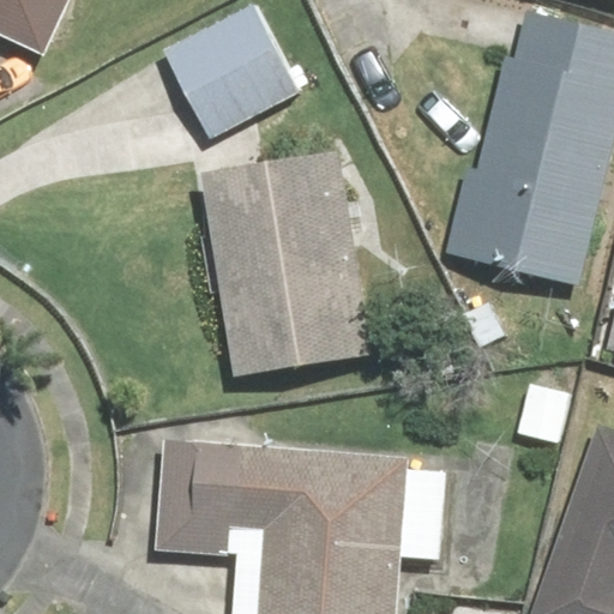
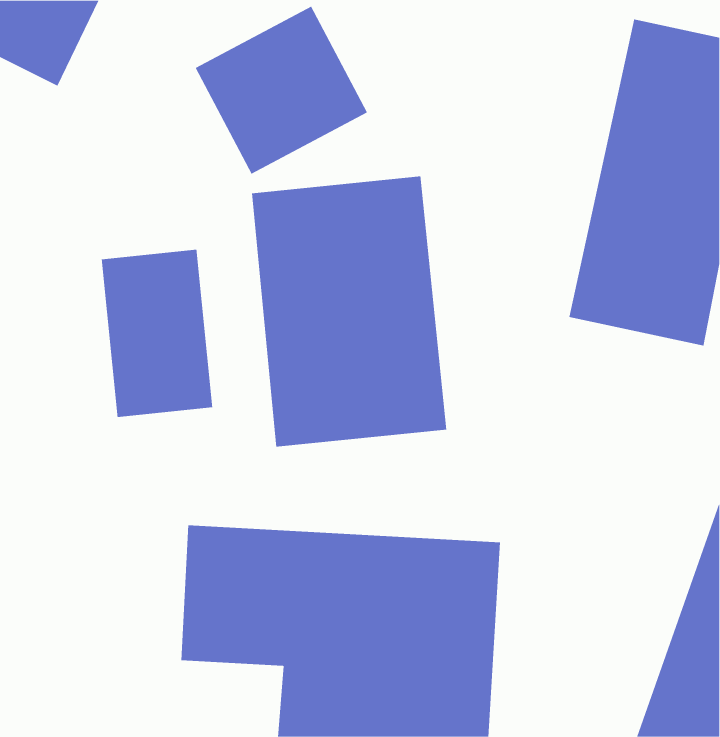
building: none -> [101,249,213,418]

